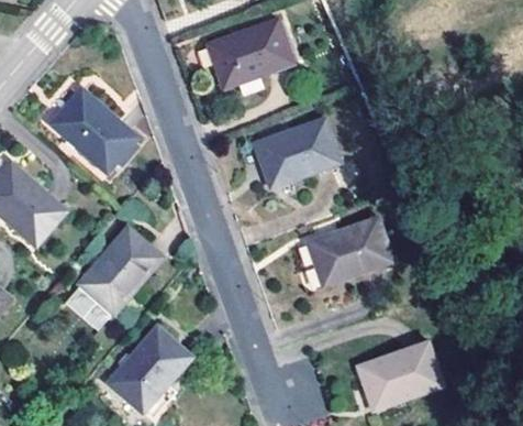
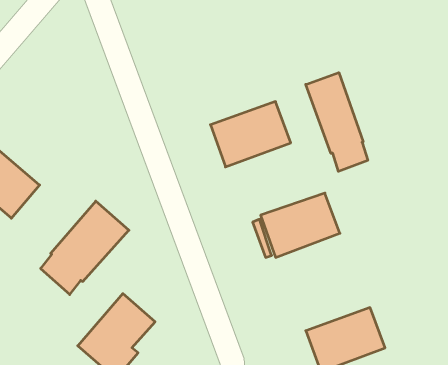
building: [205,20,293,89] -> none
building: none -> [306,73,368,171]
building: [47,87,136,173] -> none

